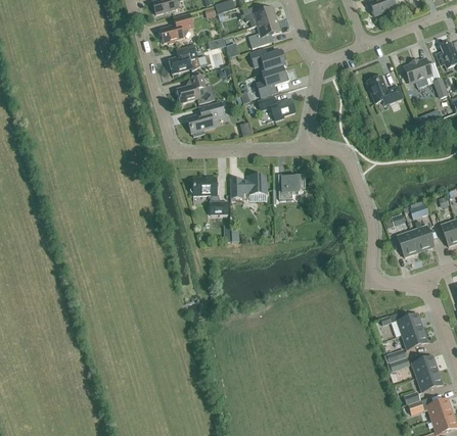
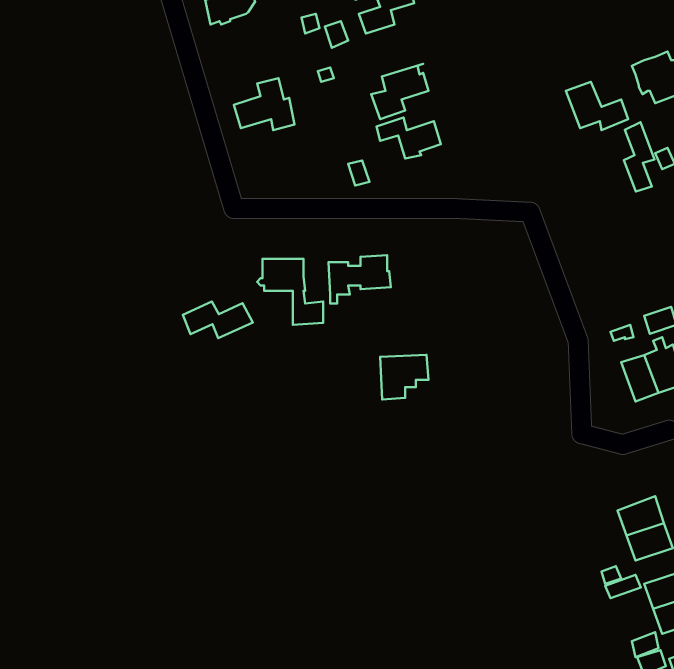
building: [168,44,199,72] -> none
building: [249,48,284,72] -> none
building: none -> [624,122,655,191]
building: [188,101,224,136] -> none
building: [277,174,305,199] -> [380,355,428,400]
building: none -> [183,301,253,338]

